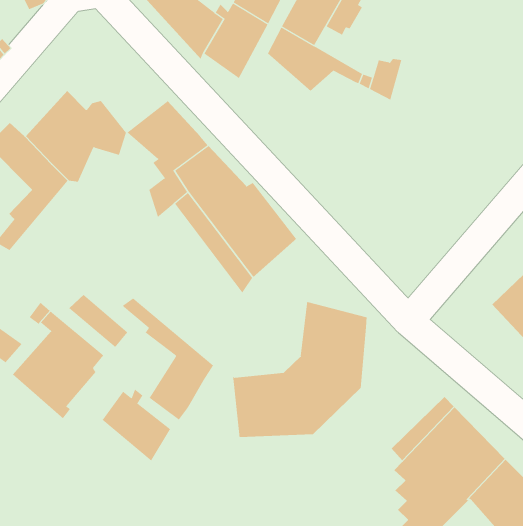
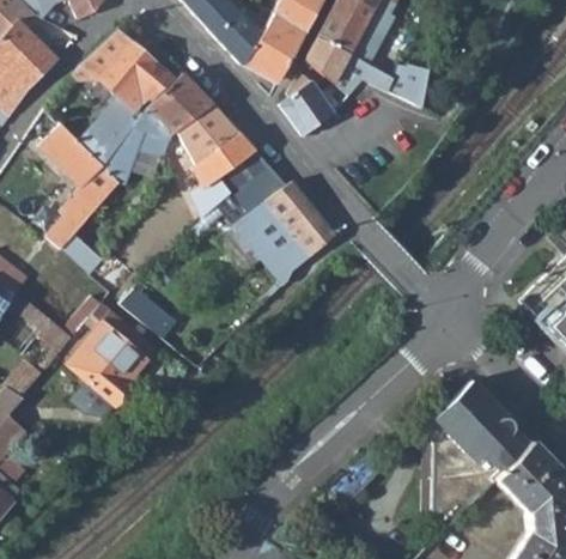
building: none -> [73,30,170,114]
building: none -> [150,73,212,135]
building: none -> [280,73,331,136]
building: [122,297,214,421] -> none
building: [233,301,367,438] -> none
building: [102,388,171,462] -> none

